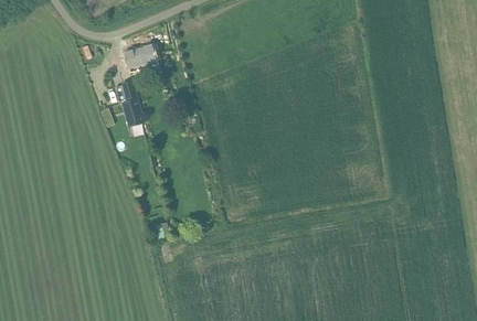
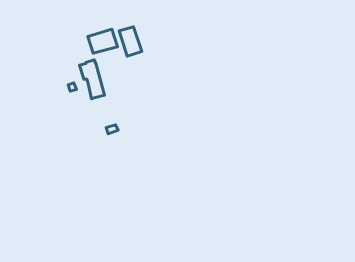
building: none -> [119,27,142,56]

